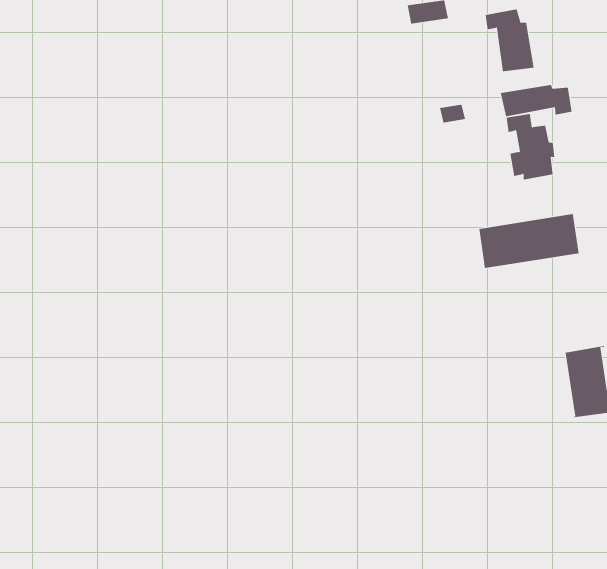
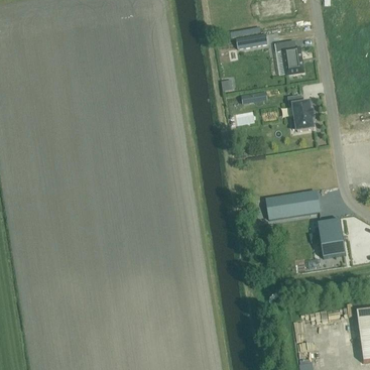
building: [500,84,572,117] -> none
building: [478,213,579,269] -> [266,190,320,219]

